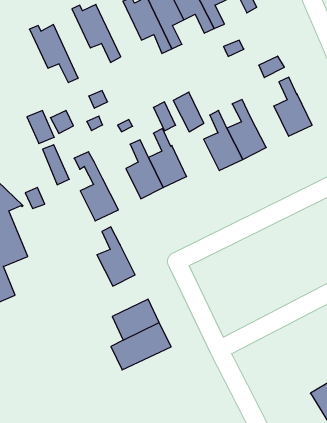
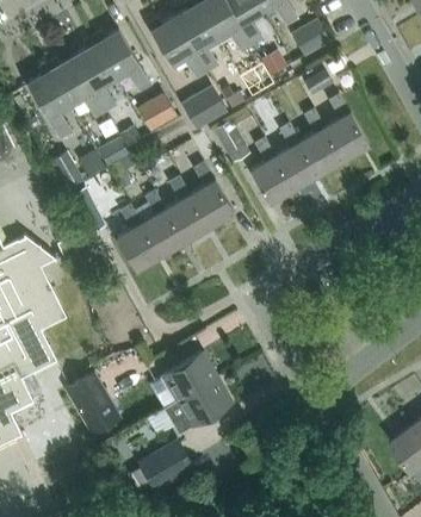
building: none -> [289,19,327,57]
building: none -> [73,37,116,113]
building: none -> [27,63,70,139]
building: none -> [181,93,227,129]
building: none -> [138,98,177,132]
building: none -> [299,108,343,174]
building: [97,227,135,286] -> [141,191,185,256]
building: none -> [66,373,112,422]
building: none -> [140,444,190,486]

